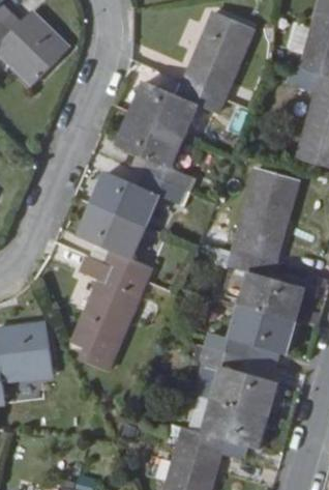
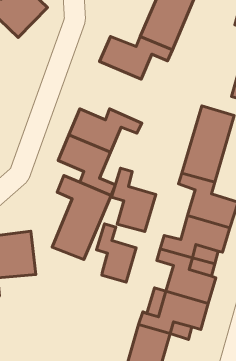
building: [118,113,190,190] -> none
building: none -> [111,168,156,232]
building: none -> [97,224,136,282]

